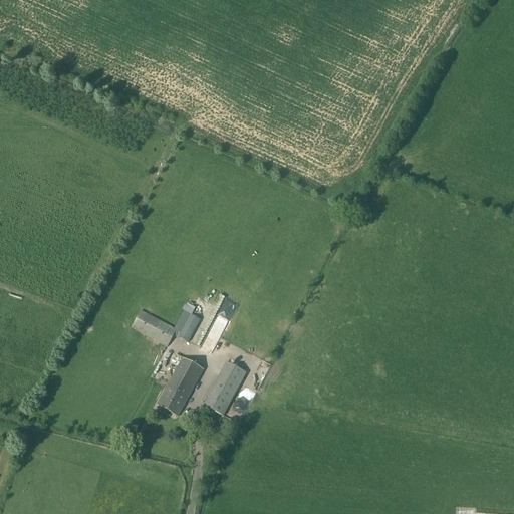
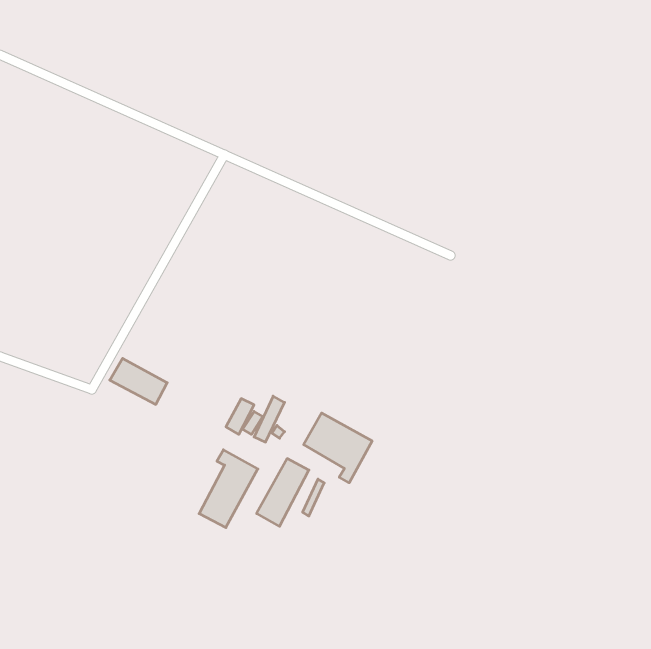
building: [132,309,177,345] -> [110,358,167,404]
building: none -> [304,413,372,483]

